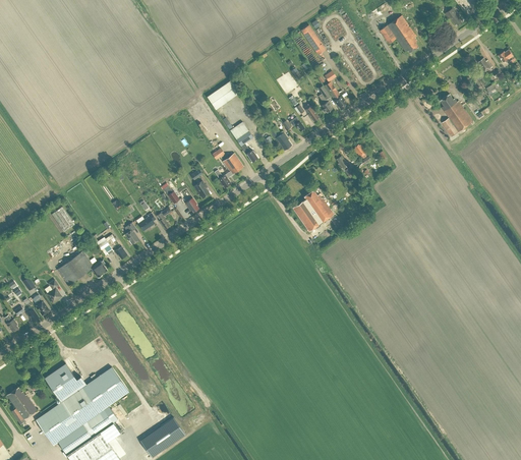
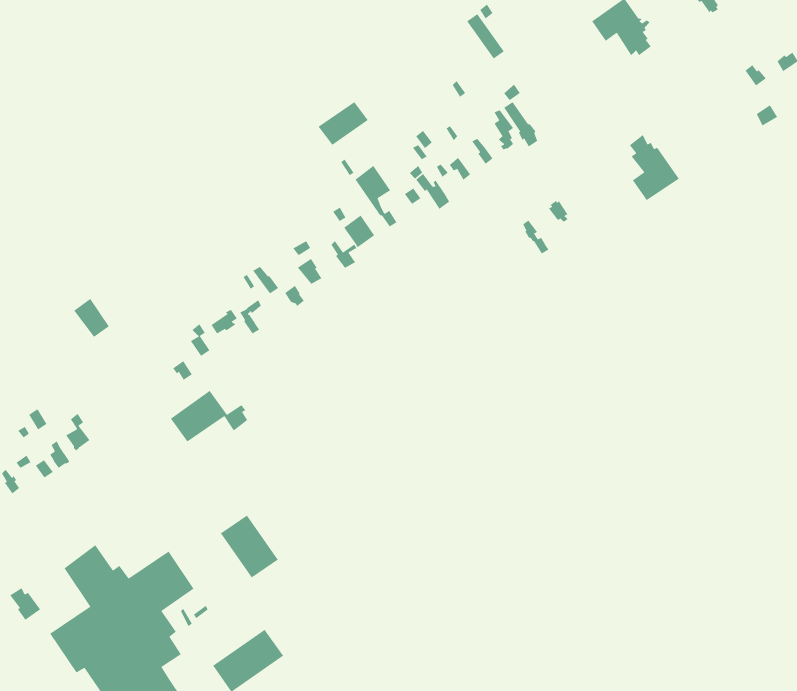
building: [441,94,473,136] -> [629,134,680,201]
building: [292,190,334,232] -> none
building: [57,251,107,285] -> [170,390,248,443]
building: none -> [220,514,279,579]

